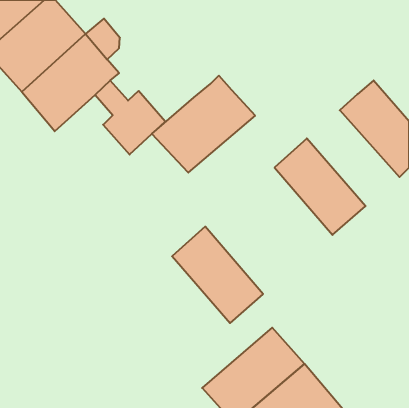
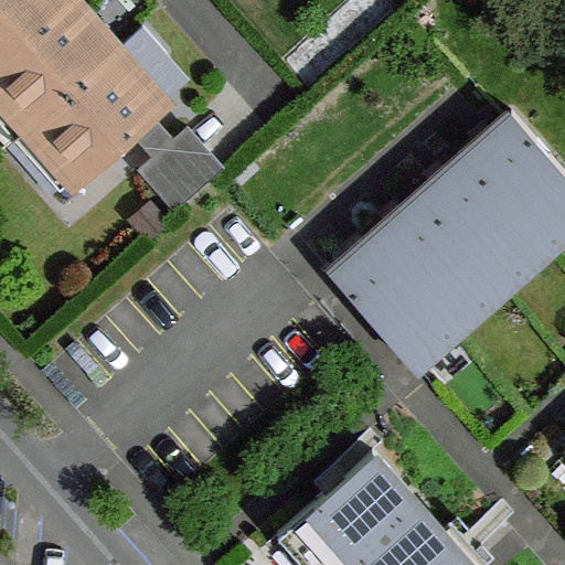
building: [152,76,255,173] -> none
building: none -> [420,156,547,287]
building: [172,227,263,323] -> [331,234,456,366]

